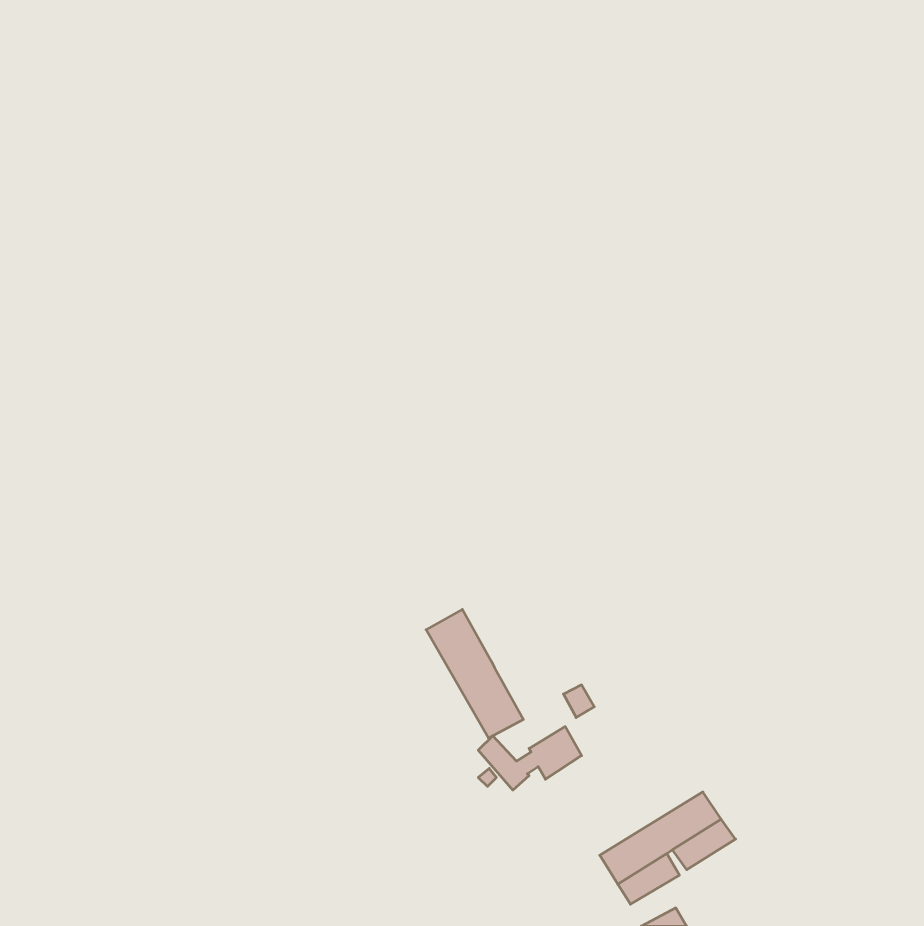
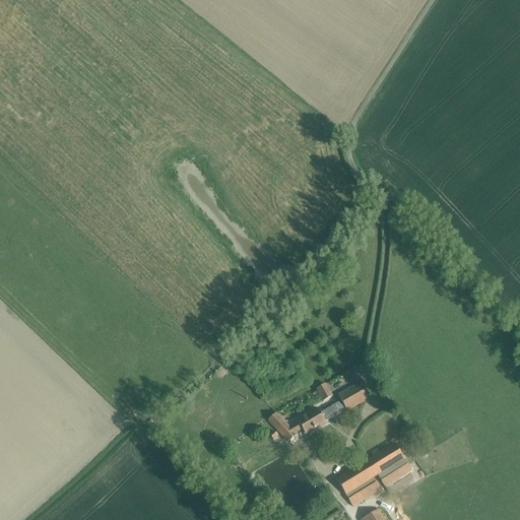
building: [426,609,523,738] -> none
building: none -> [336,383,370,414]

